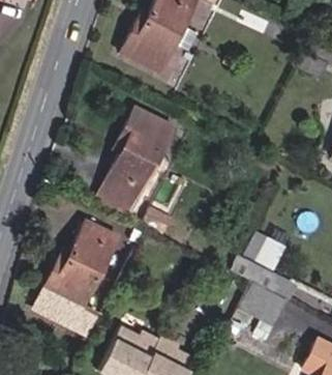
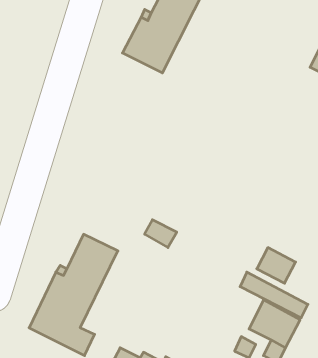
building: [98,109,174,215] -> none

